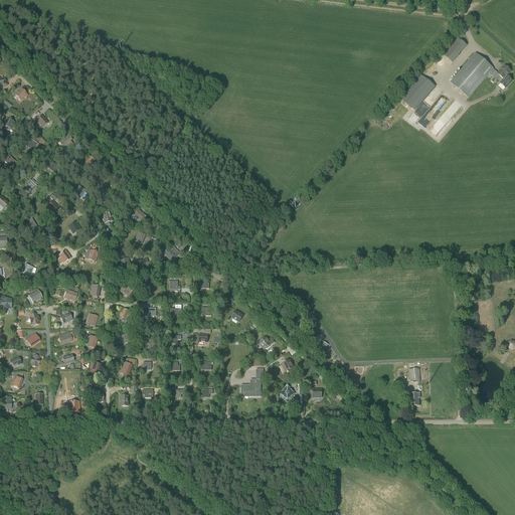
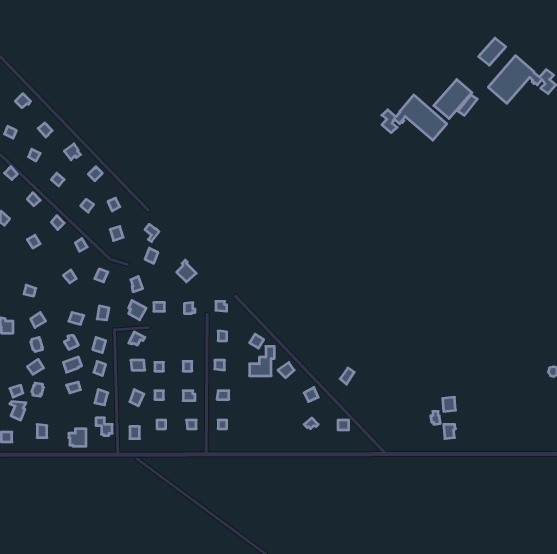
building: none -> [382,95,447,140]
building: [240,368,264,395] -> [249,346,274,376]

